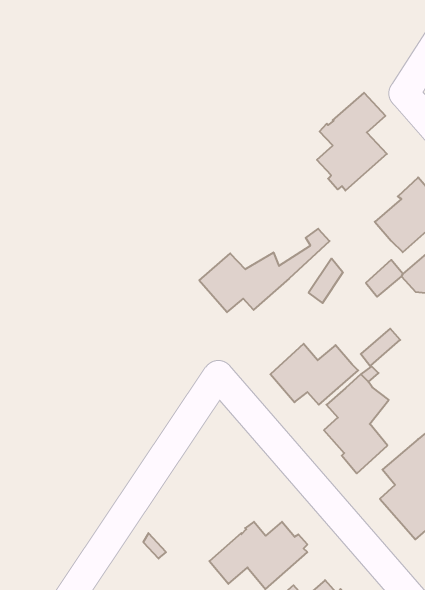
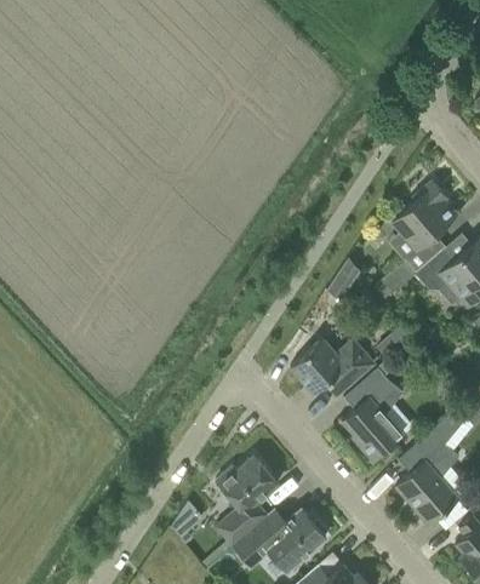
building: [317,93,387,191] -> none
building: [199,229,330,312] -> none
building: none -> [216,456,279,546]

